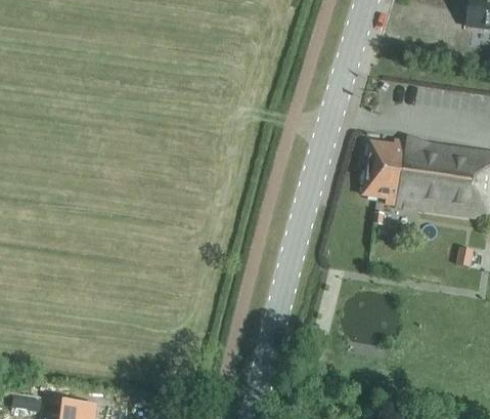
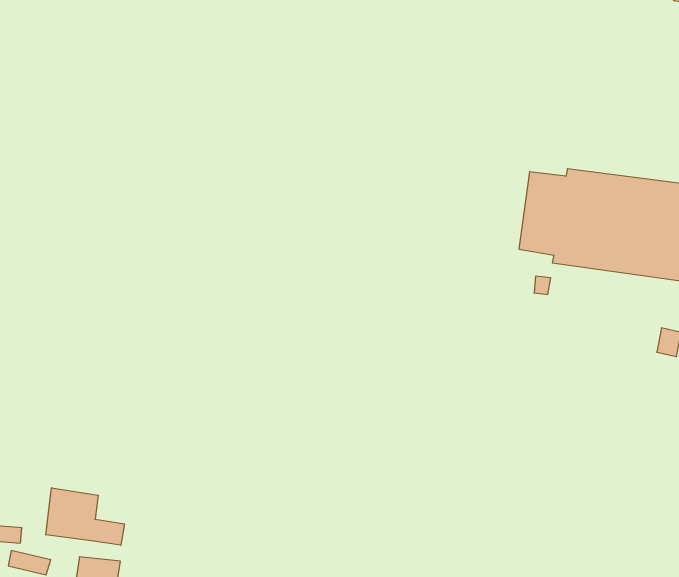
building: none -> [46,488,125,545]

